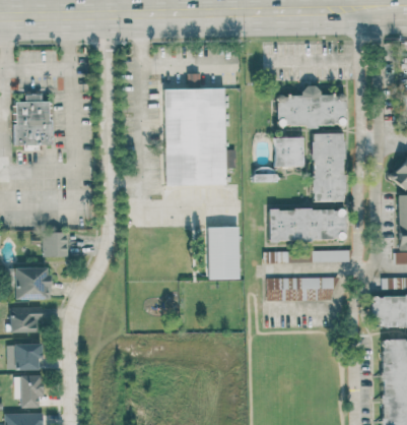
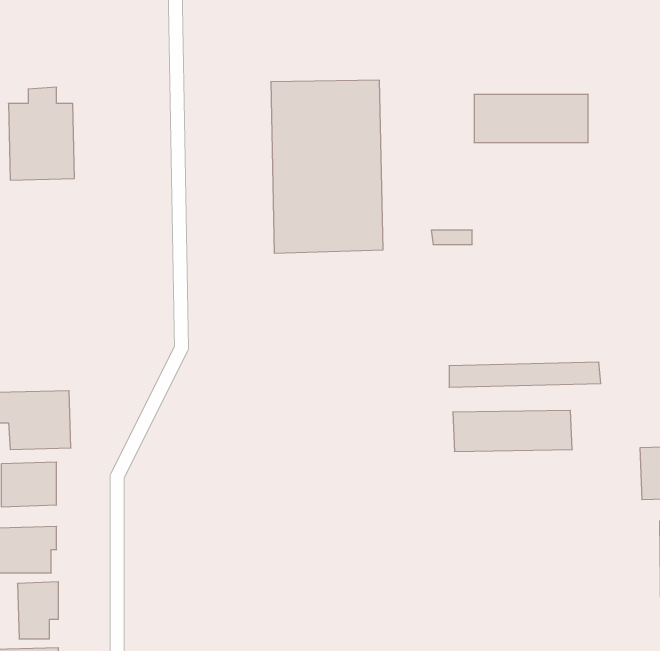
building: [314,134,344,200] -> none
building: [275,137,304,166] -> none
building: [270,208,345,239] -> none
building: [207,226,240,278] -> none
building: [43,231,68,256] -> none

